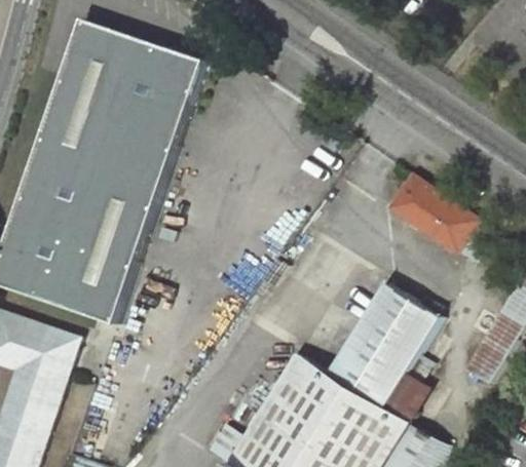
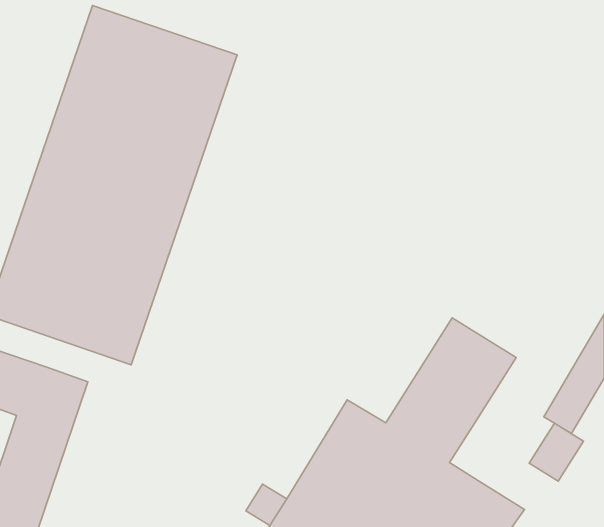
building: [388,177,484,263] -> none
building: [383,374,429,423] -> [529,423,583,481]

